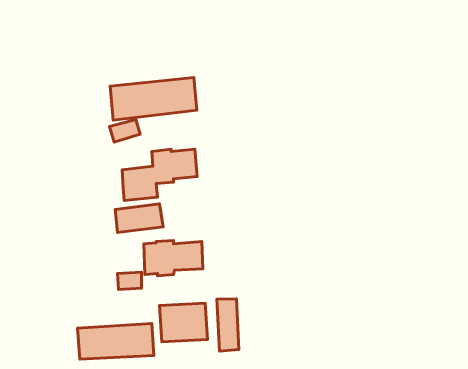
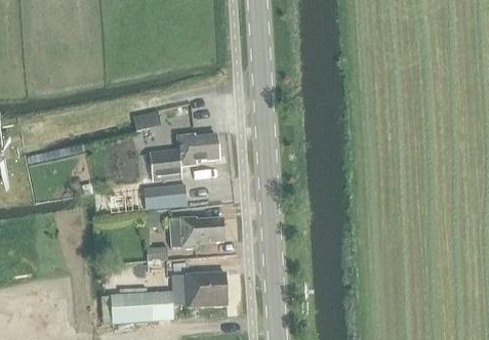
building: [110,78,197,120] -> none
building: [217,299,239,351] -> none

